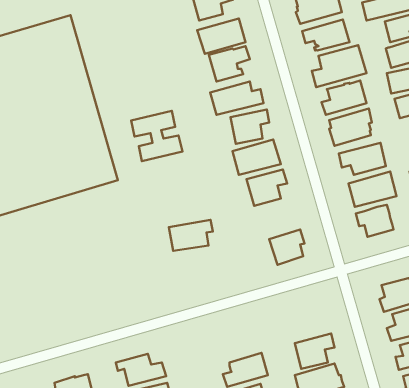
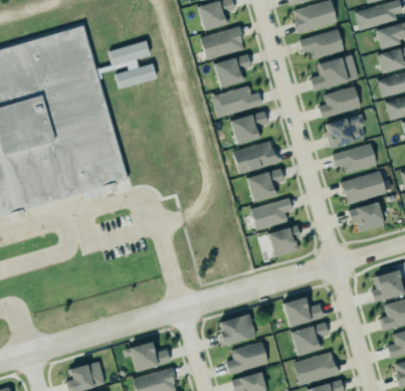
building: [131,111,183,161] -> [110,41,158,88]
building: [169,220,213,251] -> [252,200,293,229]
building: none -> [284,297,325,328]
building: none -> [218,313,254,345]

